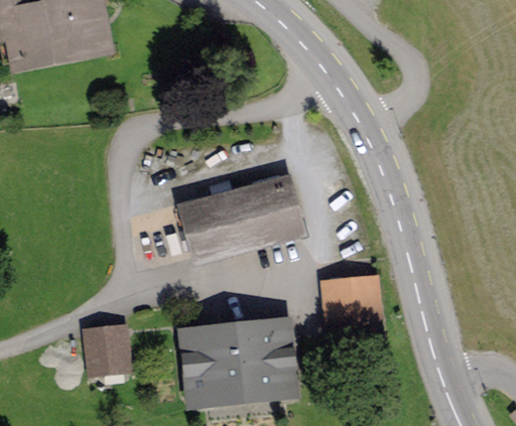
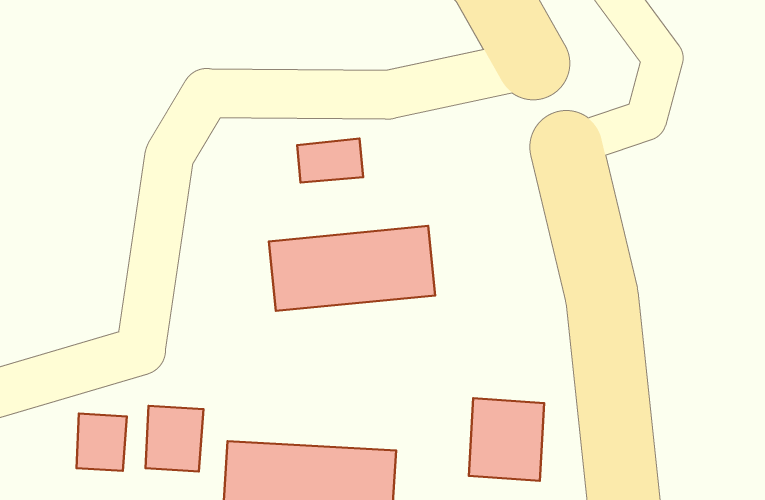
building: none -> [297,138,363,182]
building: none -> [146,406,204,472]

